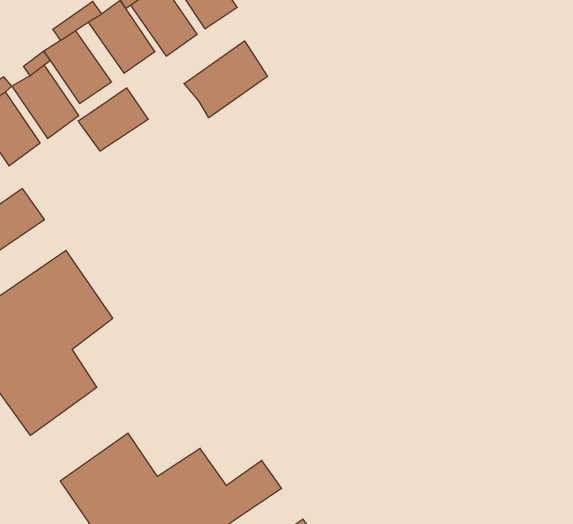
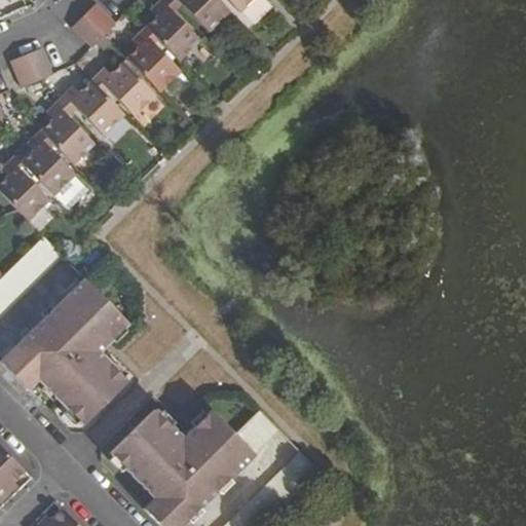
building: [184,41,267,118] -> none
building: [78,88,148,151] -> none

